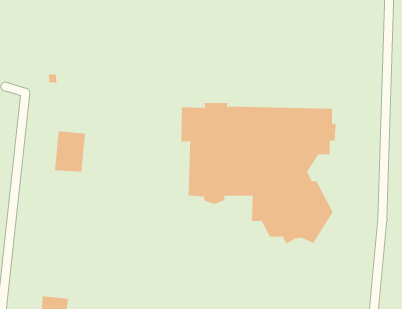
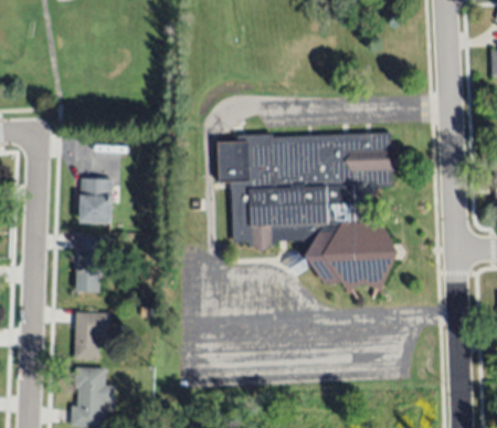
building: none -> [76,236,102,292]
building: none -> [74,312,110,359]

